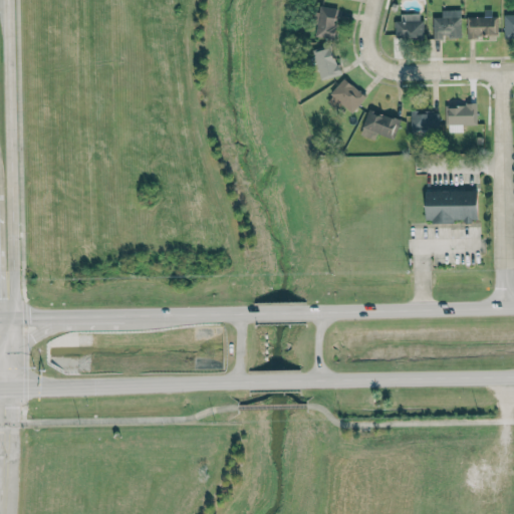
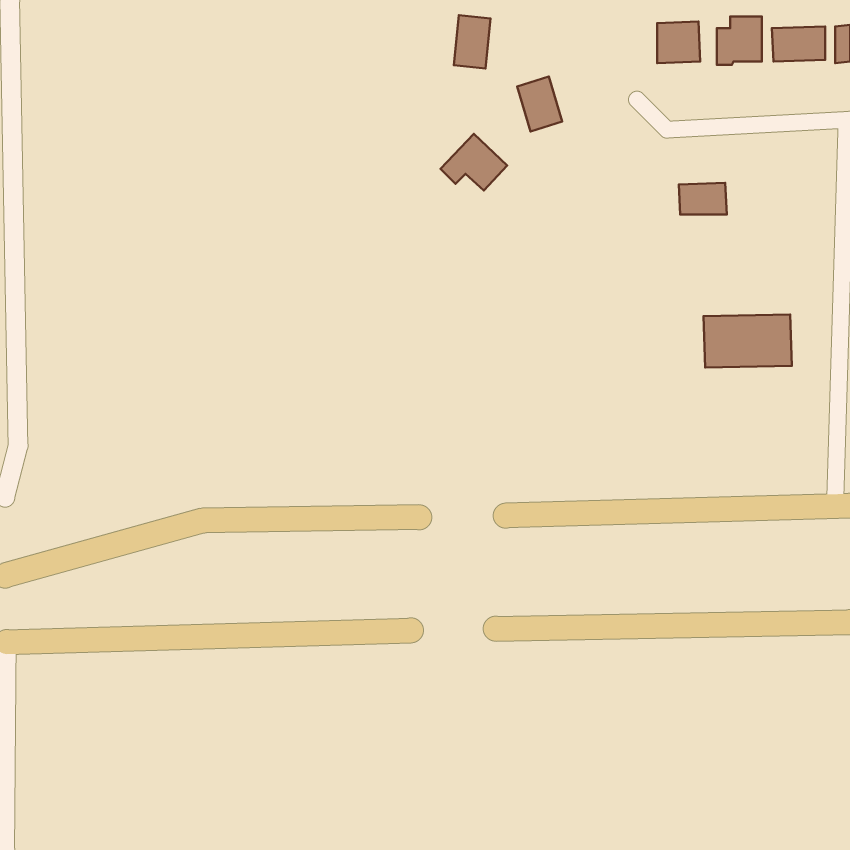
building: [315,6,337,38] -> [454,15,490,69]
building: [325,78,365,112] -> [440,134,507,191]
building: [446,104,477,133] -> none
building: [359,108,400,141] -> none

